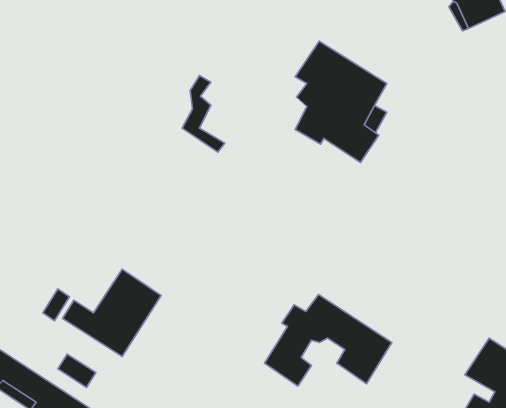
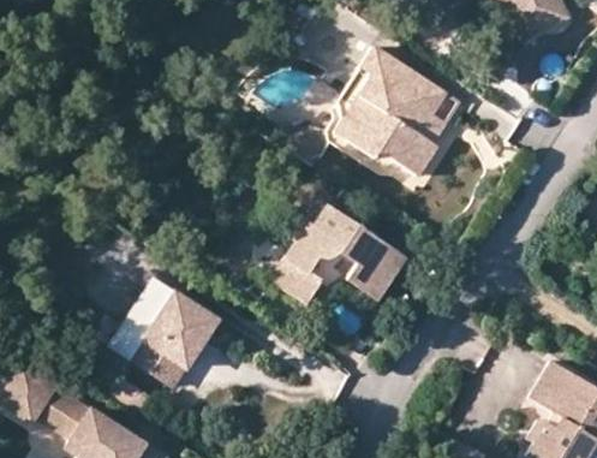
building: [182,75,225,152] -> [334,88,378,168]
building: none -> [120,276,171,335]
building: [264,294,392,386] -> [271,207,405,303]

